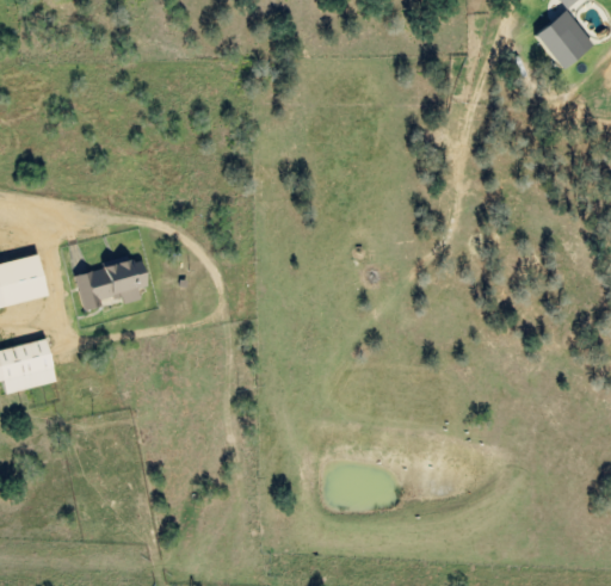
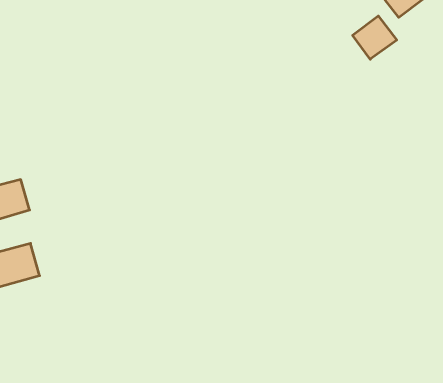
building: none -> [353,16,397,59]
building: [76,259,147,308] -> none

